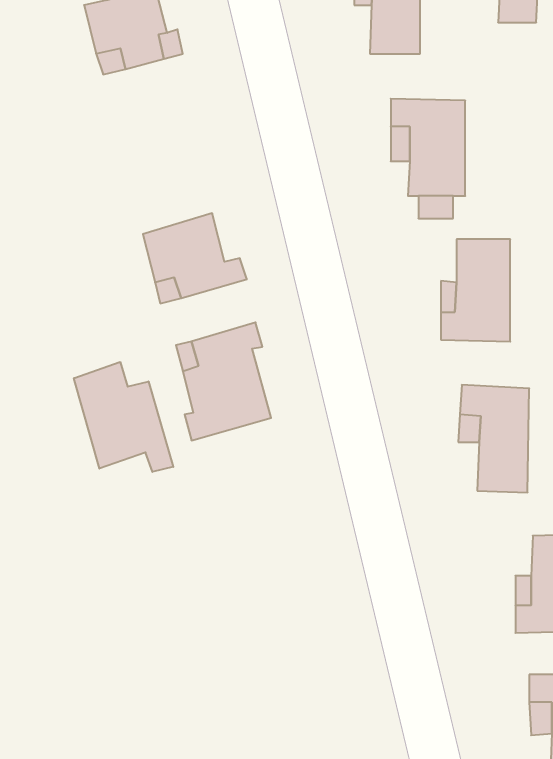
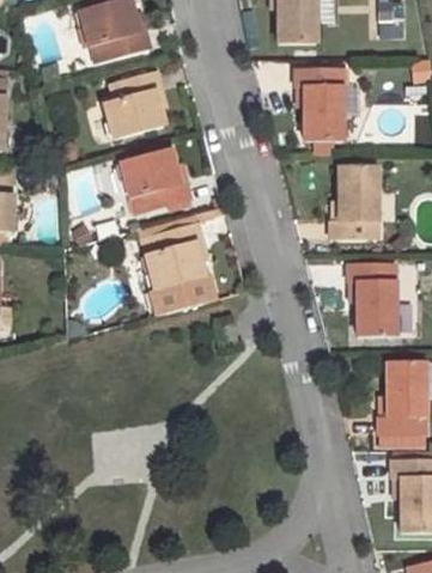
building: none -> [110,74,166,136]
building: [74,362,173,472] -> none

